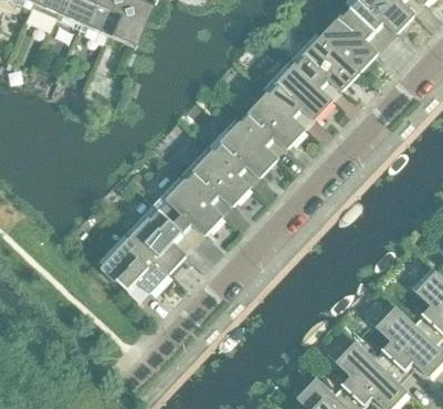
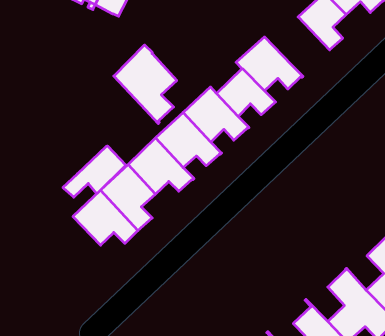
building: [291,31,360,90] -> none
building: none -> [114,45,177,124]
building: none -> [63,146,126,197]

